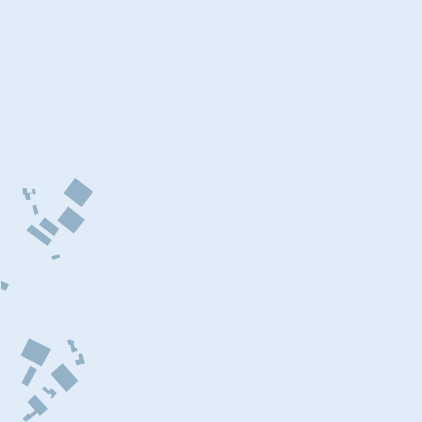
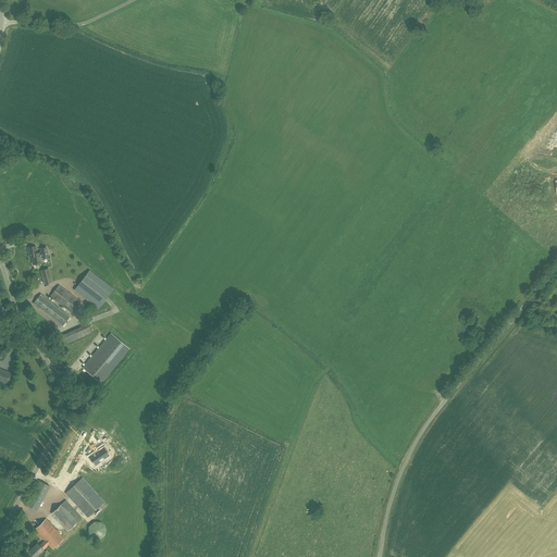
building: [62,177,94,208] -> none
building: none -> [83,333,129,383]
building: [20,338,52,367] -> none

